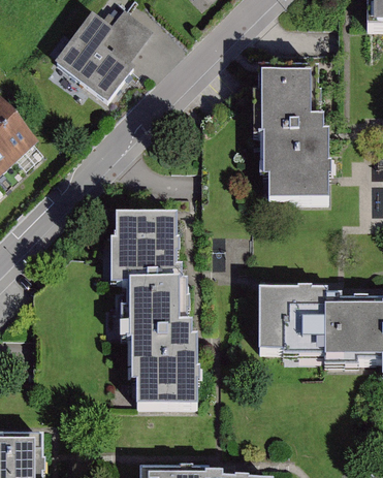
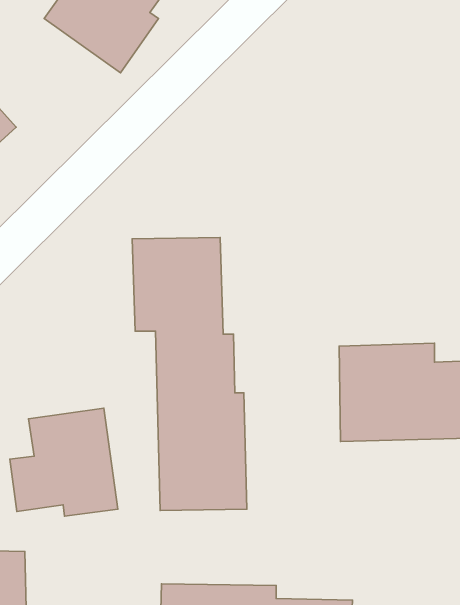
building: [251,66,328,200] -> none
building: none -> [10,408,118,516]

